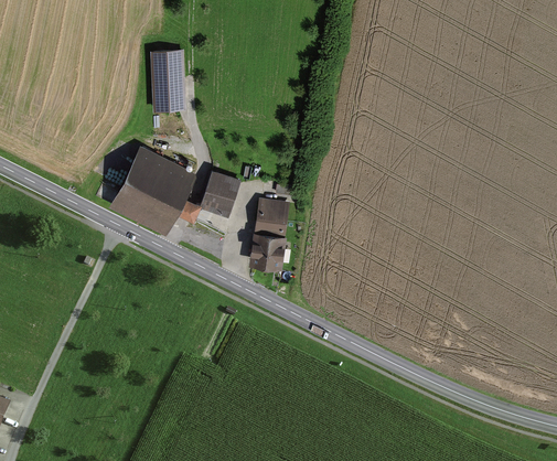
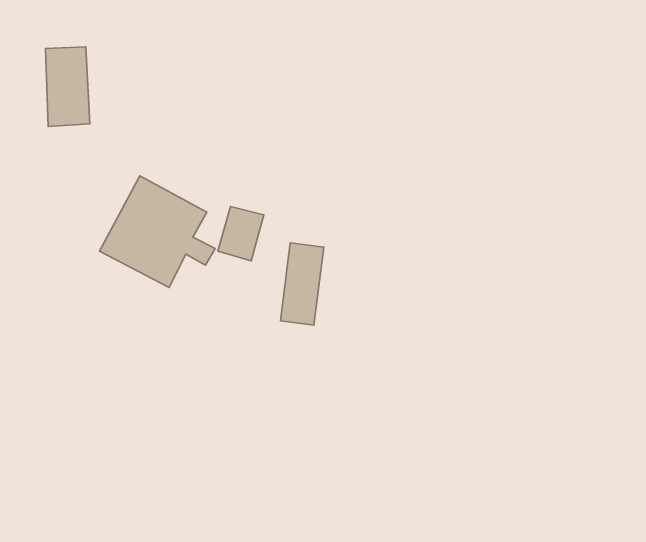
building: [150,49,185,111] -> [45,47,90,126]

